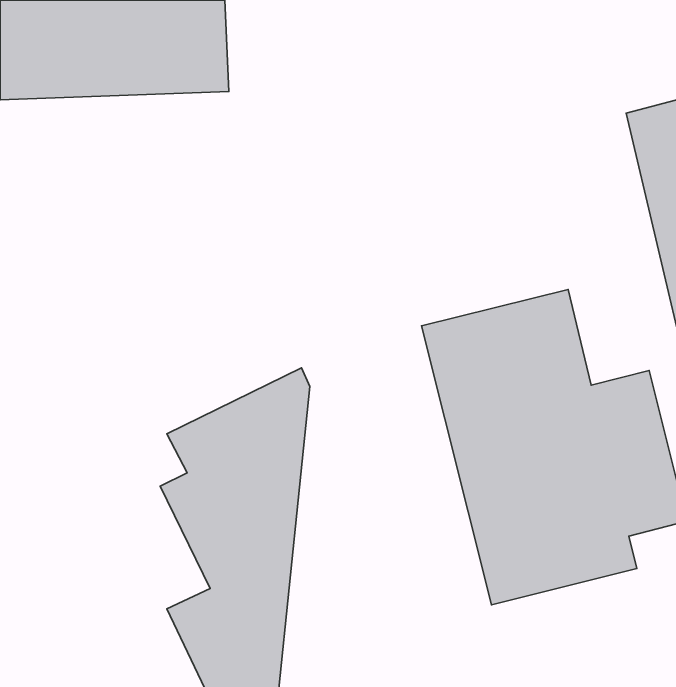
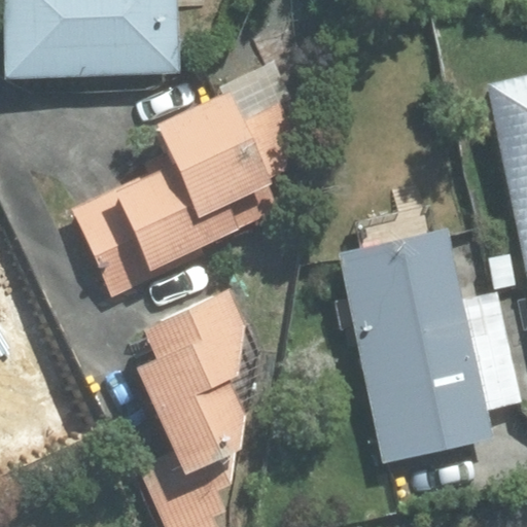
building: none -> [77,93,276,301]

